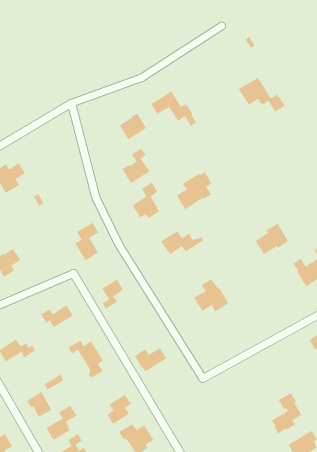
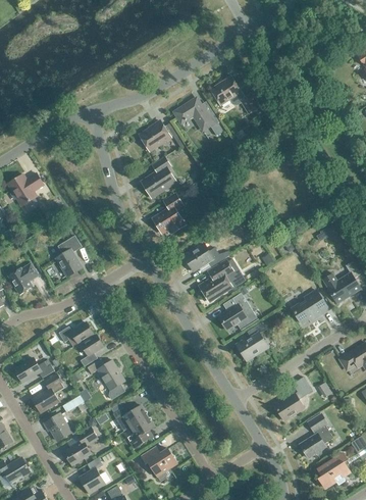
building: [238,77,286,112] -> [210,77,260,113]
building: [176,171,212,210] -> [203,259,241,300]
building: [75,222,99,261] -> [56,236,82,277]
building: [255,223,289,255] -> [293,290,328,323]
building: [102,279,124,309] -> [81,335,104,366]
building: none -> [237,322,266,358]
building: [134,347,167,372] -> [113,405,148,431]
building: none -> [32,373,64,413]
building: none -> [275,377,313,420]

